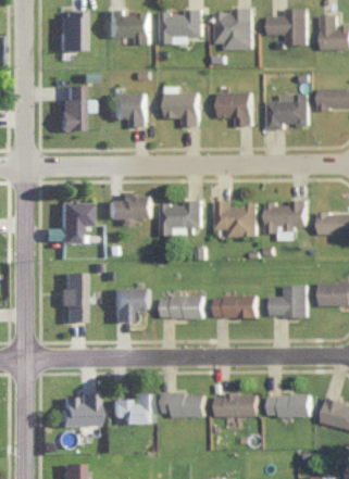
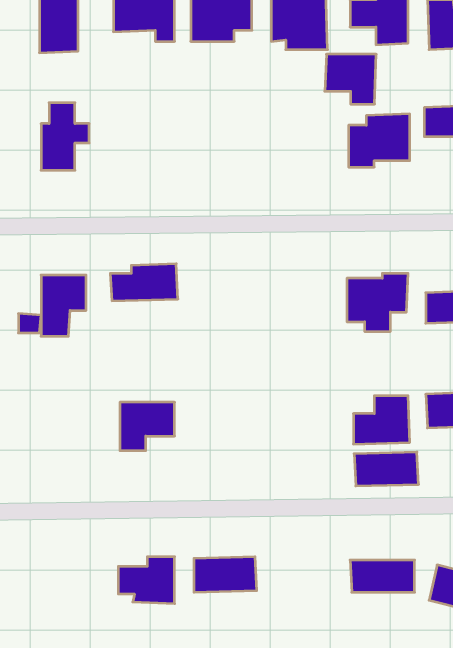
building: [166,87,200,127] -> none
building: [114,92,148,127] -> none
building: [220,92,254,126] -> [325,54,376,104]
building: [162,200,203,236] -> none
building: [216,201,259,237] -> none
building: [60,273,86,322] -> none
building: [163,294,205,318] -> none
building: [215,294,259,317] -> [354,452,419,486]
building: [61,392,98,426] -> none
building: [217,393,260,416] -> none

